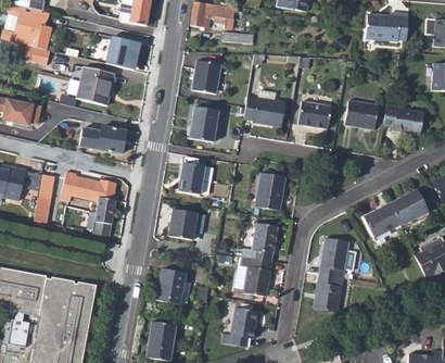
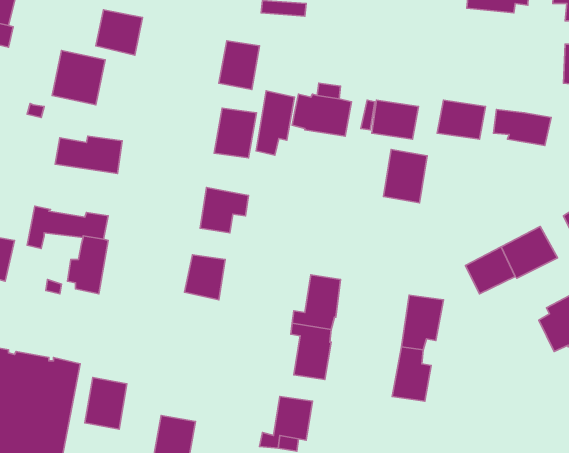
building: none -> [256,91,294,155]
building: [256,173,287,210] -> [383,150,427,203]
building: [157,268,187,304] -> [85,378,127,429]

